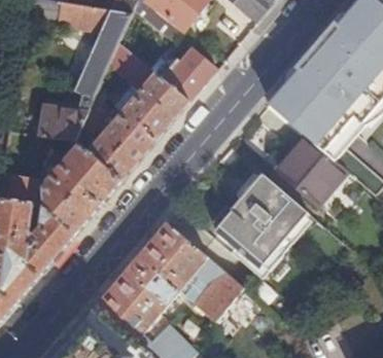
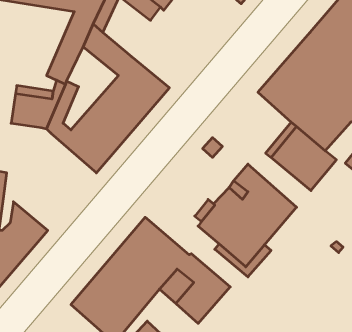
building: [152,48,215,102] -> none
building: [40,144,119,235] -> none

